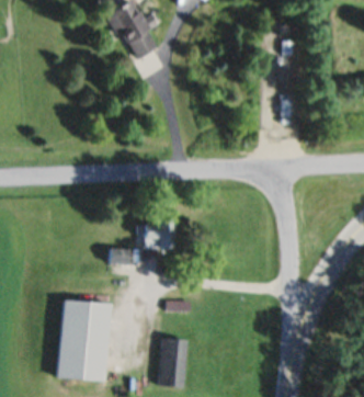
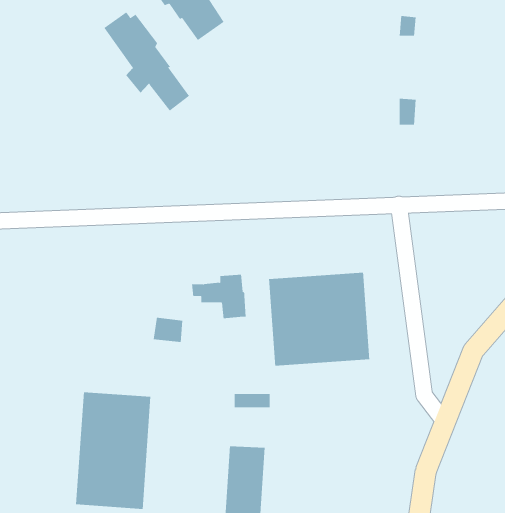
building: none -> [104,11,190,111]
building: none -> [268,272,370,367]

